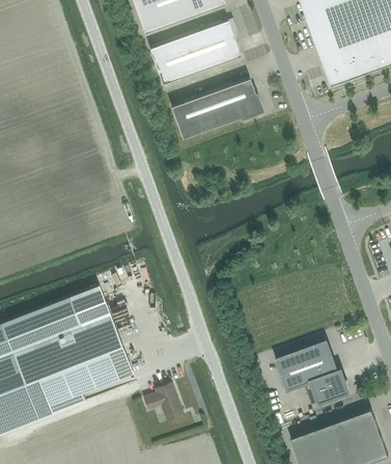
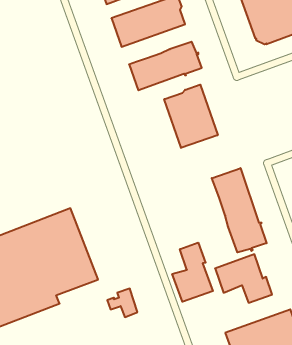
building: none -> [164,85,218,148]
building: none -> [212,168,267,252]
building: none -> [172,243,213,302]

